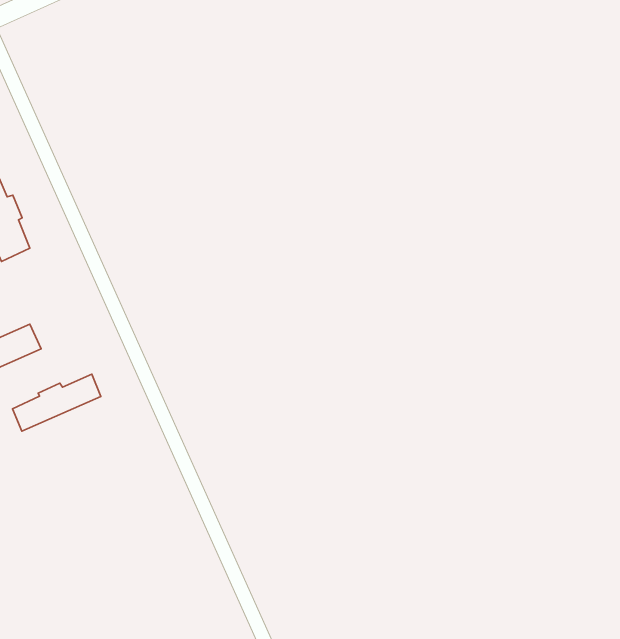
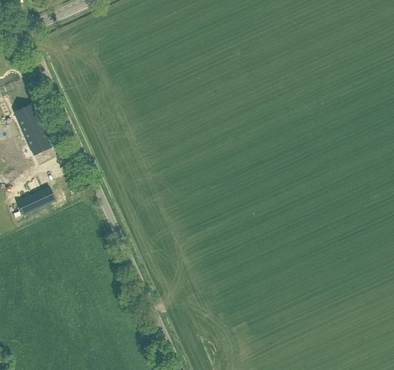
building: [13,374,101,431] -> none

